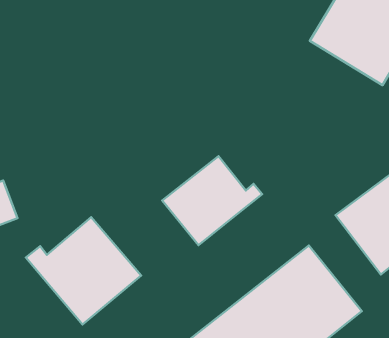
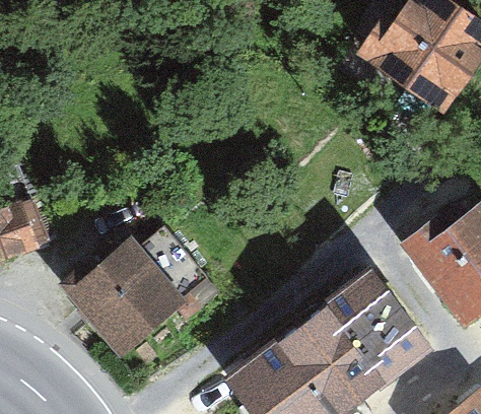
building: [162,156,262,245] -> none

